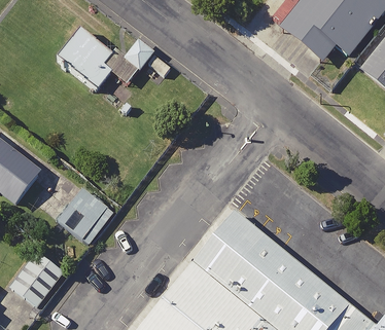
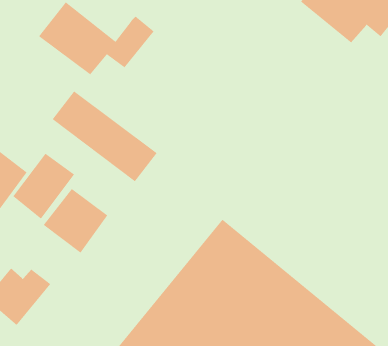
building: none -> [52,90,158,182]
building: none -> [12,153,75,219]

